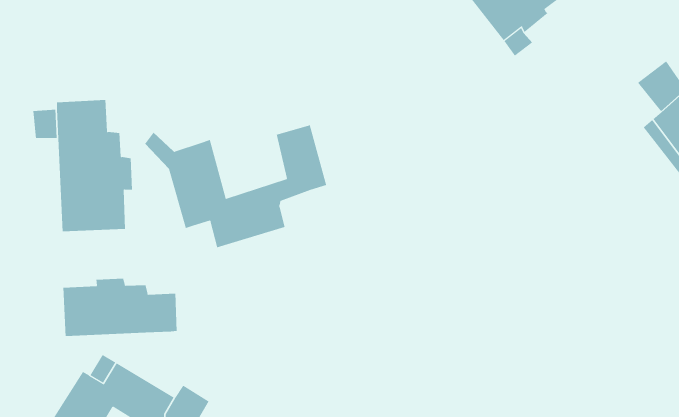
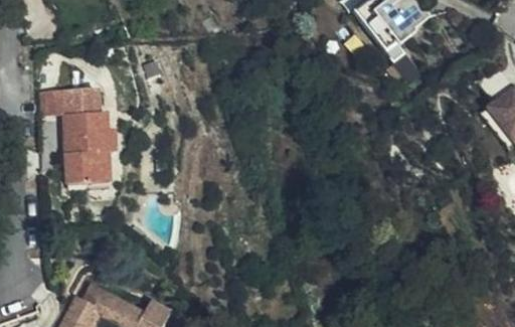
building: [144,125,327,248] -> none
building: [63,278,177,337] -> none

